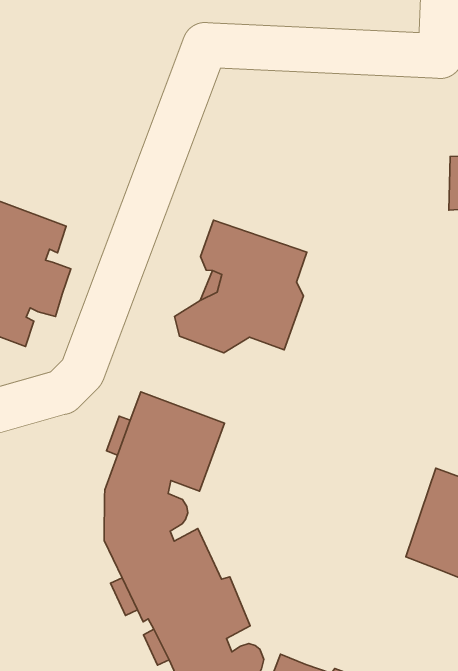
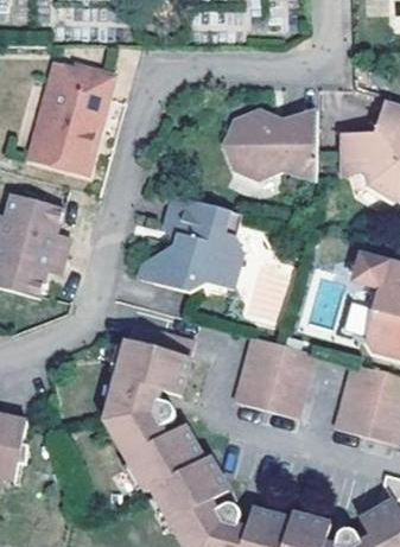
building: none -> [28,63,114,170]
building: none -> [224,108,319,182]
building: none -> [231,335,313,418]

